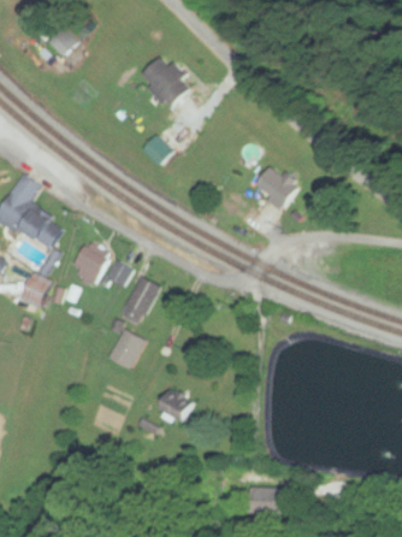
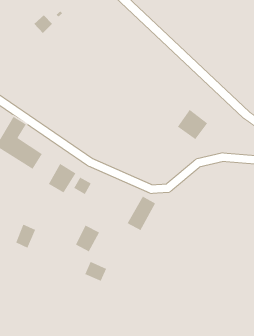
building: [140,54,193,107] -> none
building: [20,272,51,308] -> [15,224,36,249]
building: [117,275,159,325] -> [127,196,156,231]
building: [160,391,193,421] -> [84,261,107,282]

